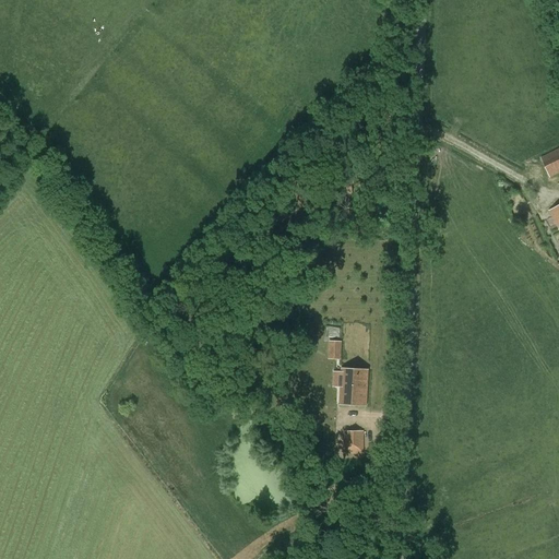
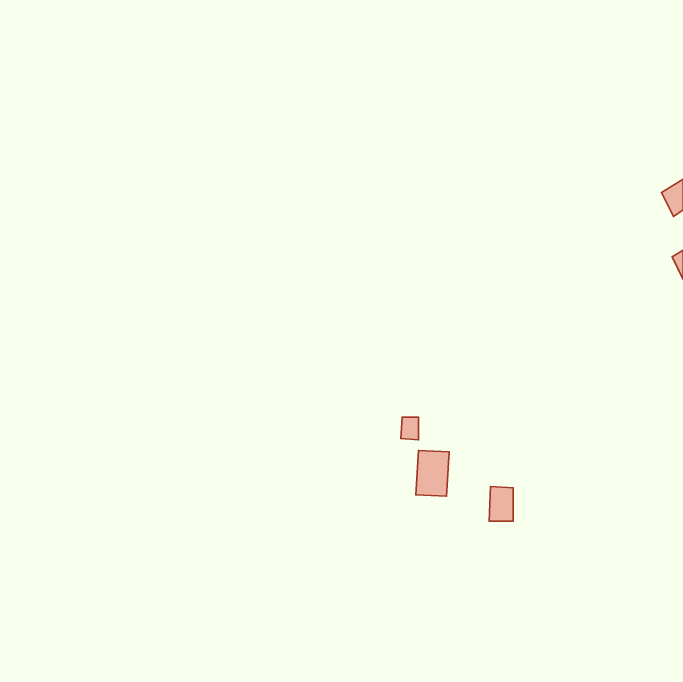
building: [344,429,364,457] -> [489,486,513,521]

